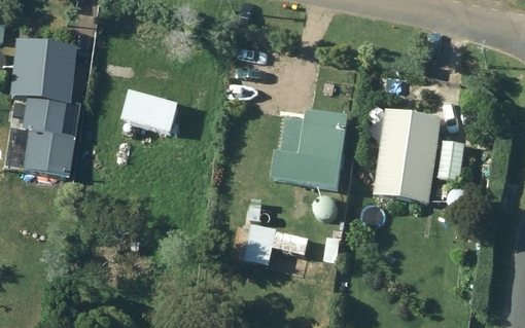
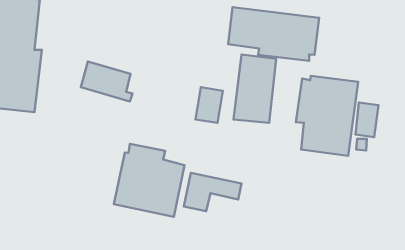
building: none -> [228,7,319,61]
building: none -> [114,144,185,217]

